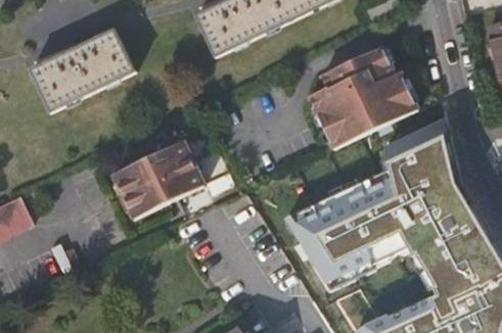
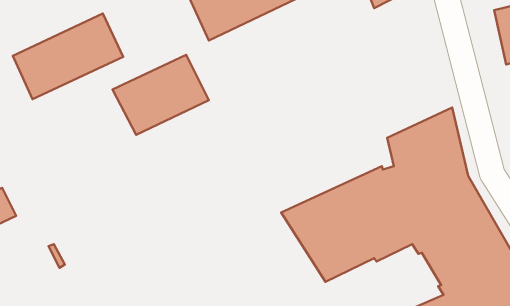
building: [309,47,418,149] -> none
building: [113,142,204,218] -> [112,55,209,135]

